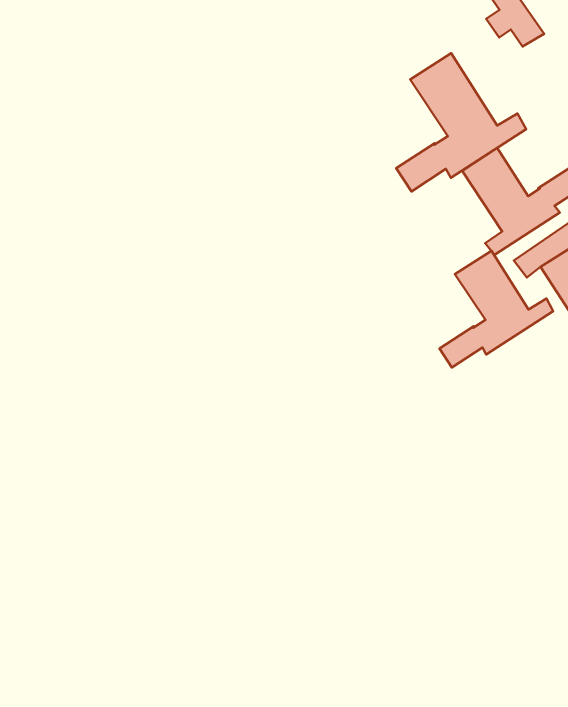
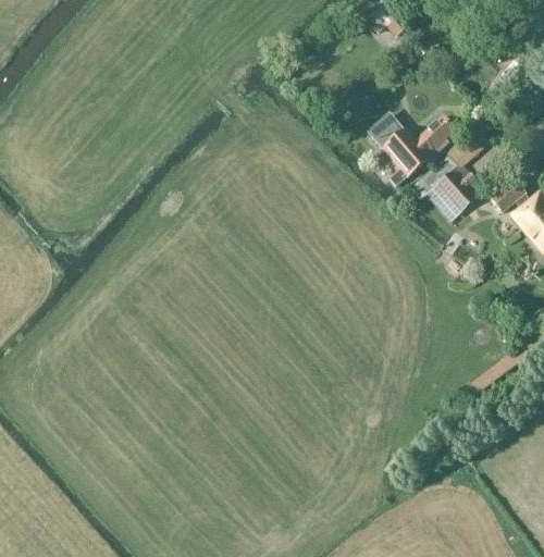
building: [396,53,526,192] -> none
building: [439,251,553,368] -> none

